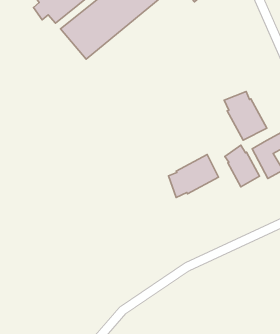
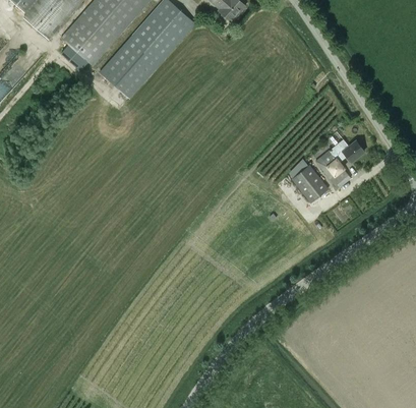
building: [224,92,267,140] -> none
building: [168,154,218,197] -> none

